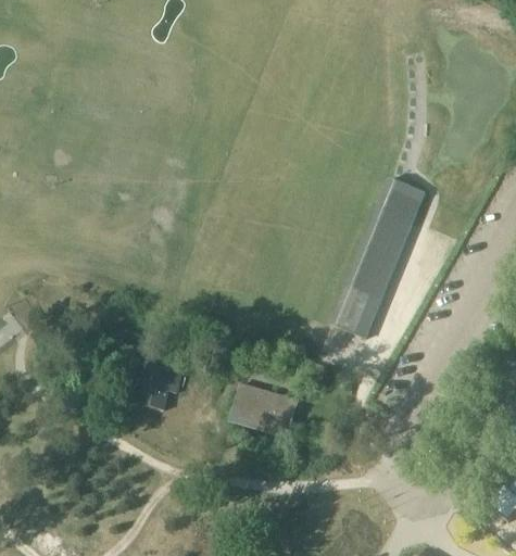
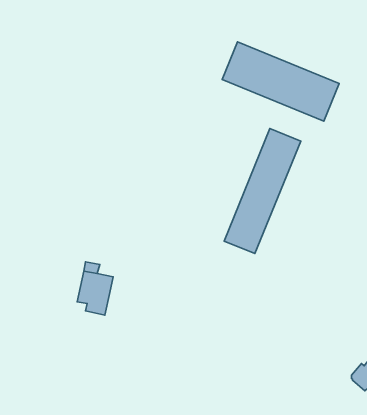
building: none -> [222,42,339,121]
building: [230,382,299,431] -> none

